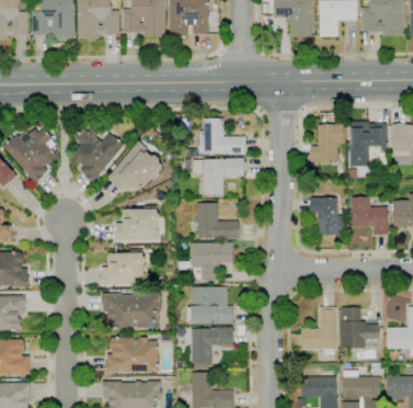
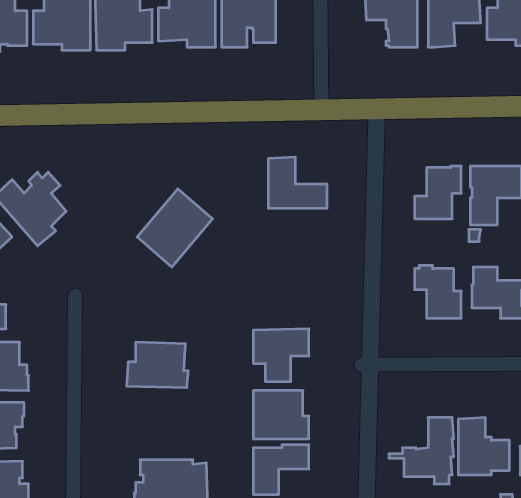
building: [72,128,124,180] -> none
building: [204,158,244,195] -> none
building: [196,203,239,239] -> none
building: [115,208,158,240] -> none
building: [102,293,161,328] -> none

